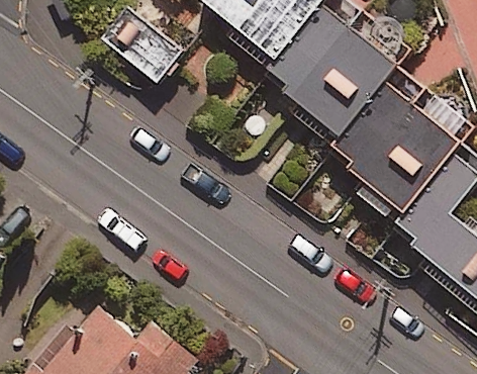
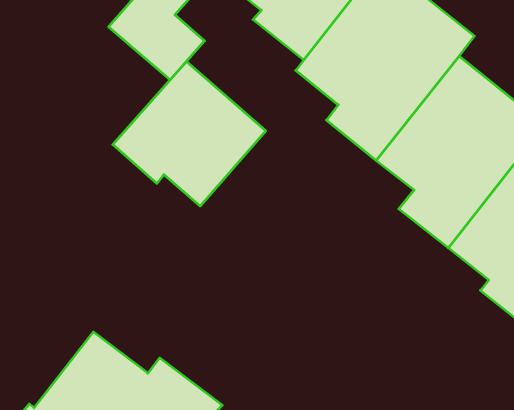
building: none -> [113,62,266,206]

